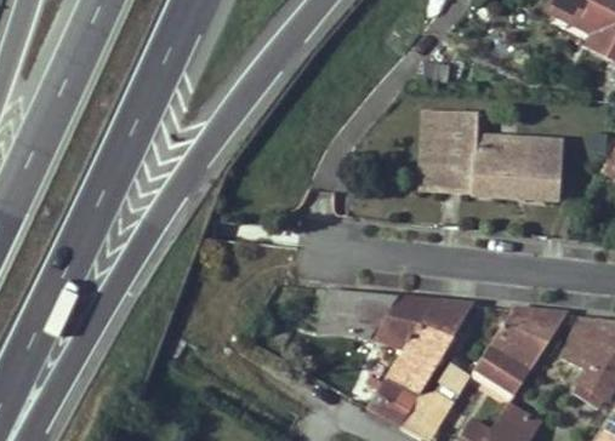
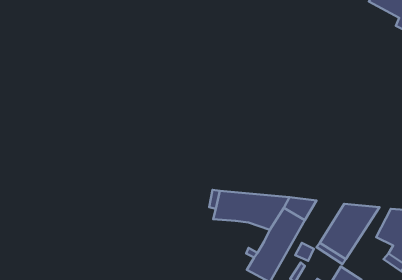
building: [422,110,564,199] -> none

